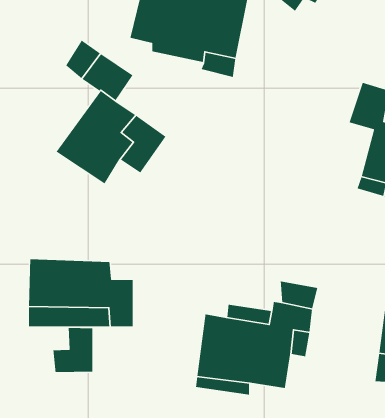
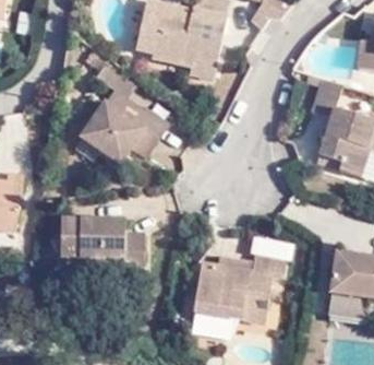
building: [53,327,93,373] -> none

